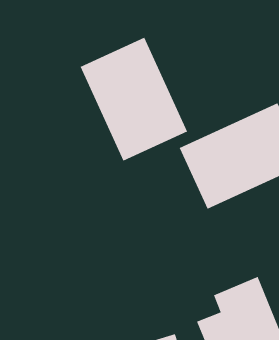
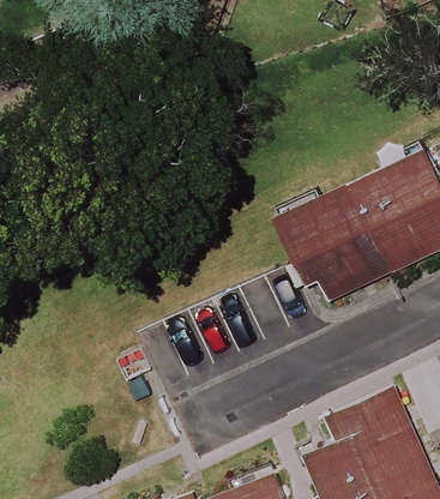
building: [80,37,188,161] -> none

